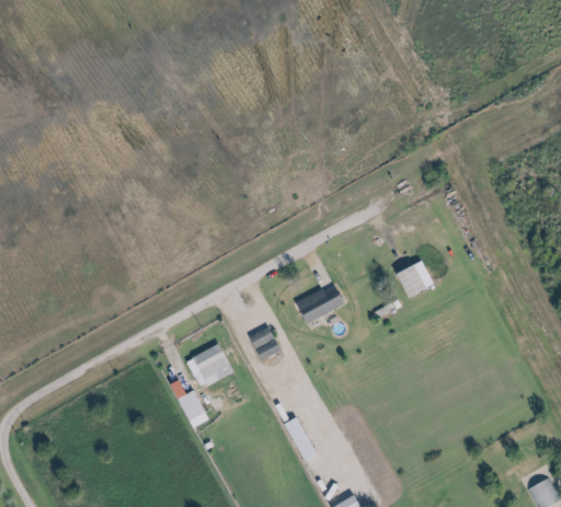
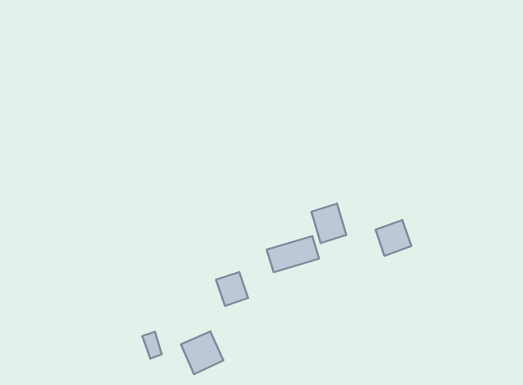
building: none -> [311,203,346,243]
building: [191,343,233,385] -> [181,331,224,374]

